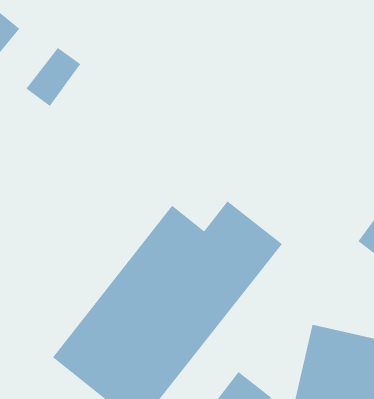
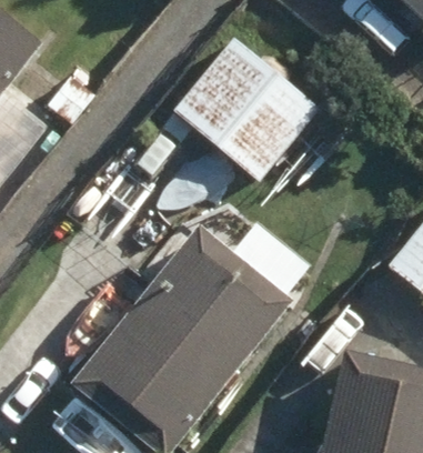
building: none -> [173,37,319,180]

